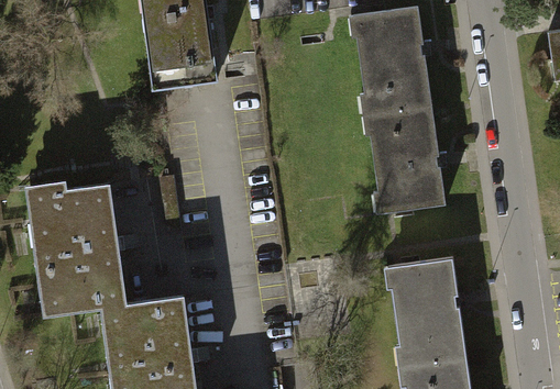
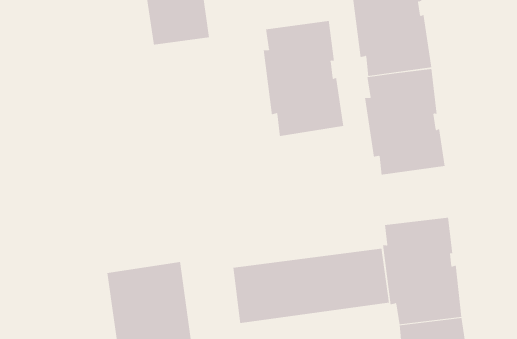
building: none -> [263,20,344,137]
building: [26,187,127,318] -> none
building: none -> [233,248,390,324]

